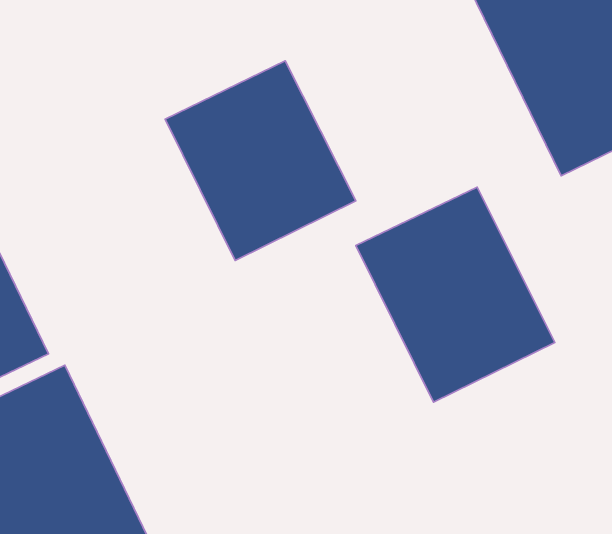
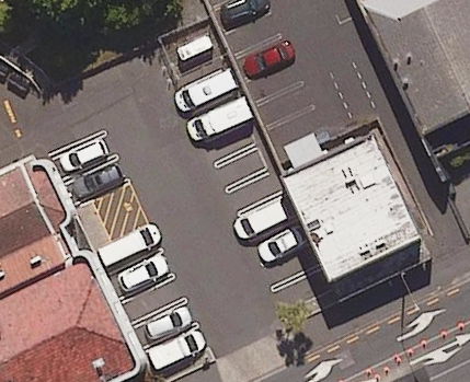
building: [165,61,356,260] -> none

